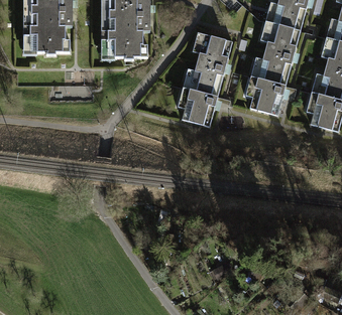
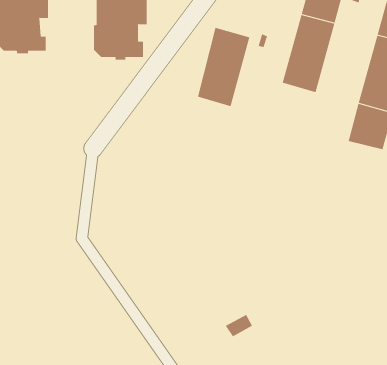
building: [248,76,283,114] -> none
building: [181,88,216,125] -> none

